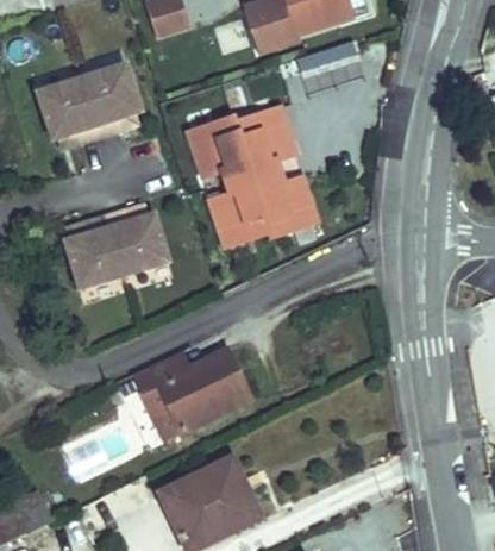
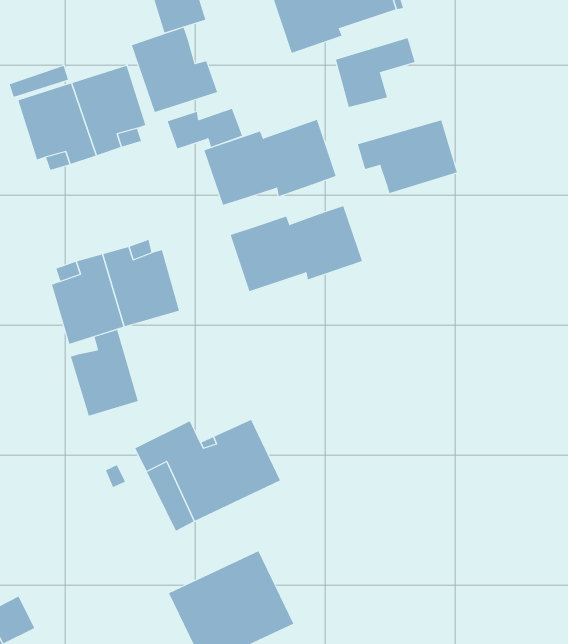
building: none -> [131,27,218,113]
building: none -> [357,120,457,194]
building: [223,159,284,193] -> [167,108,243,149]
building: none -> [70,329,139,417]

